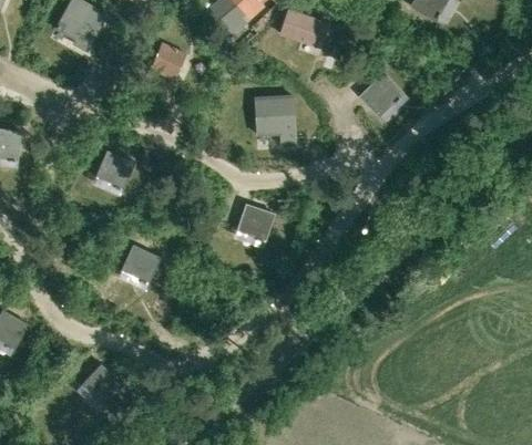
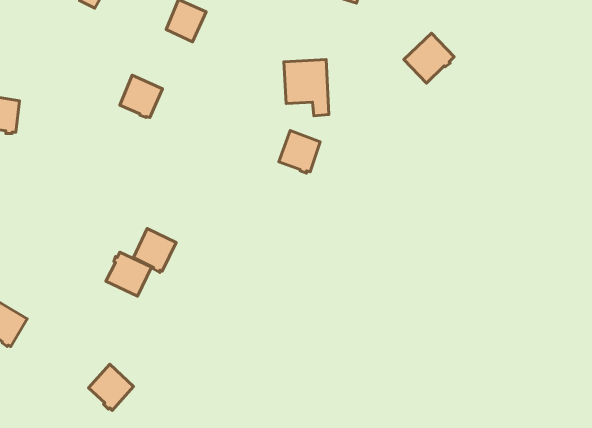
building: [95,151,133,188] -> [120,75,162,118]
building: [236,204,273,241] -> [279,131,320,173]
building: none -> [106,252,151,296]

